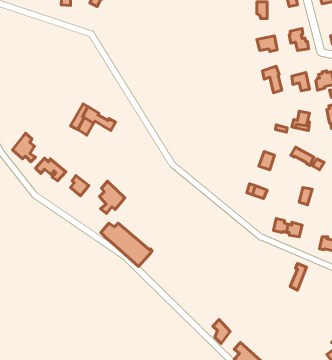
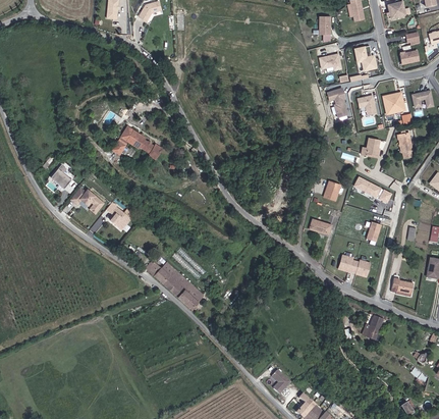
building: [100,181,125,214] -> none

